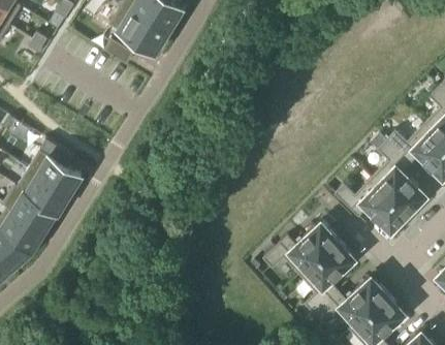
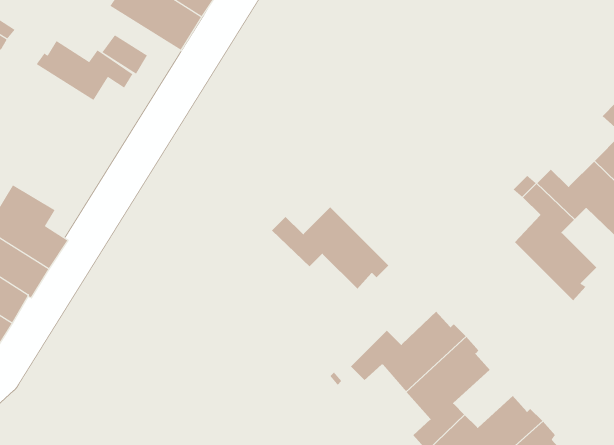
building: none -> [36,40,133,101]
building: [333,179,410,232] -> [271,206,389,289]

